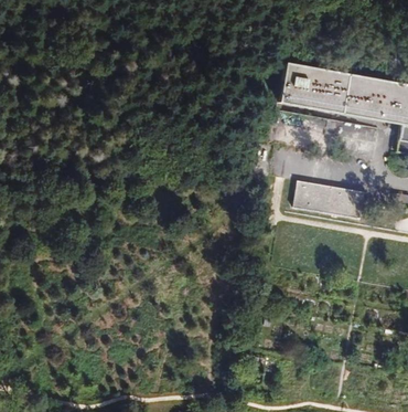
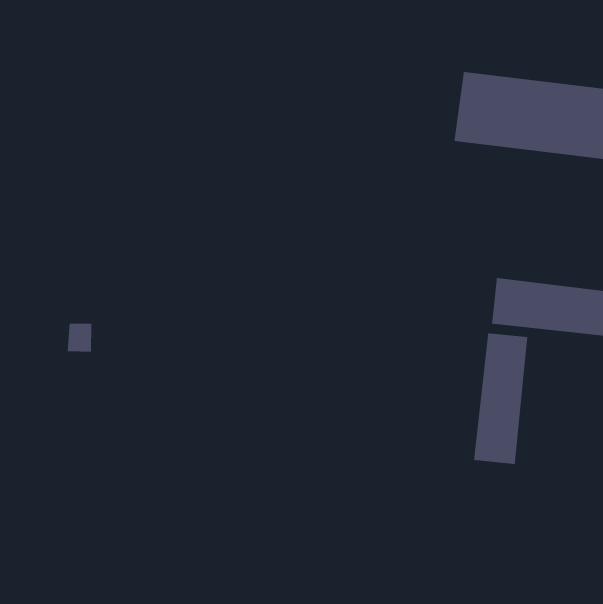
building: none -> [473,332,528,465]

